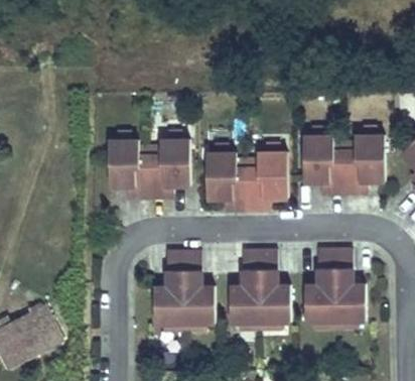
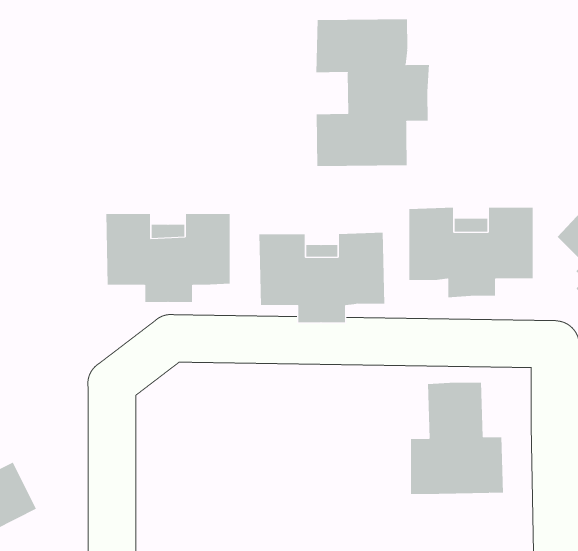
building: none -> [316,19,430,167]
building: [155,250,217,324] -> none
building: [231,250,291,323] -> none

